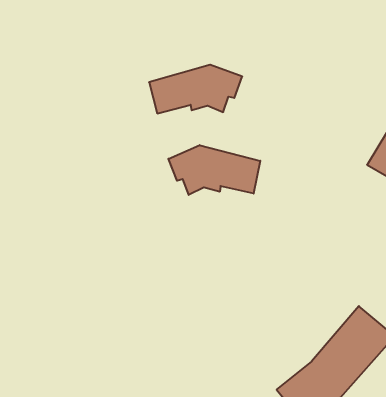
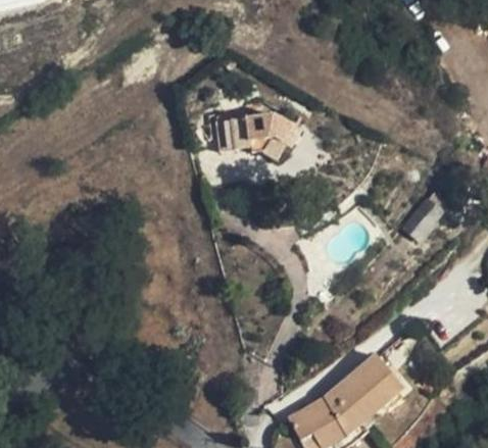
building: [168,145,260,195] -> none

